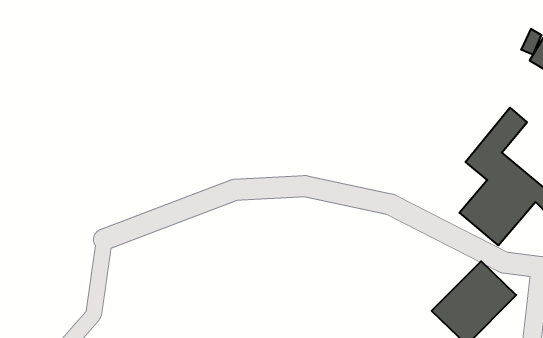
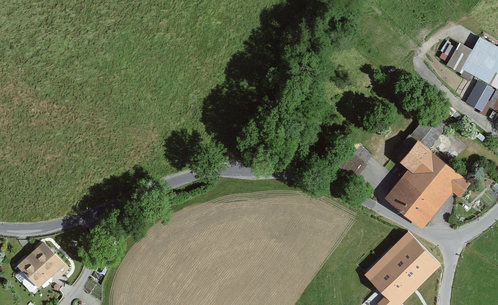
building: none -> [19,243,62,286]

